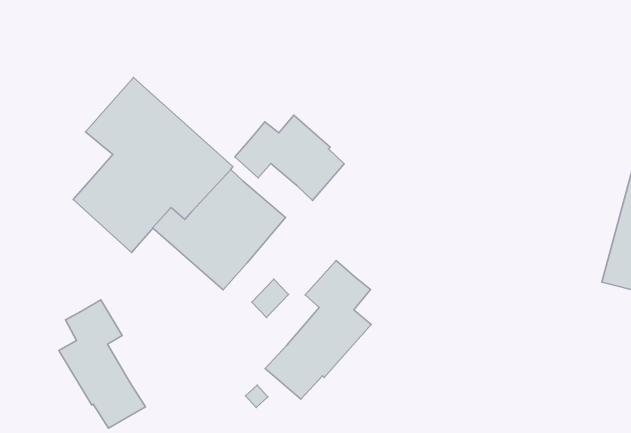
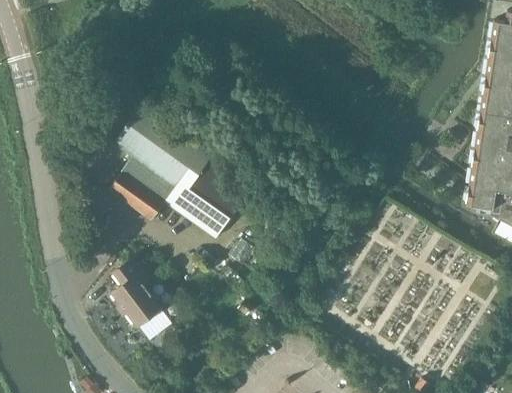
building: [235,115,344,200] -> none
building: [265,261,371,399] -> none

